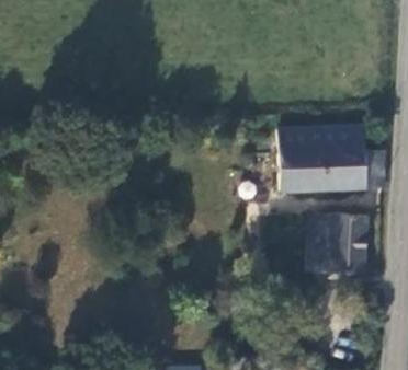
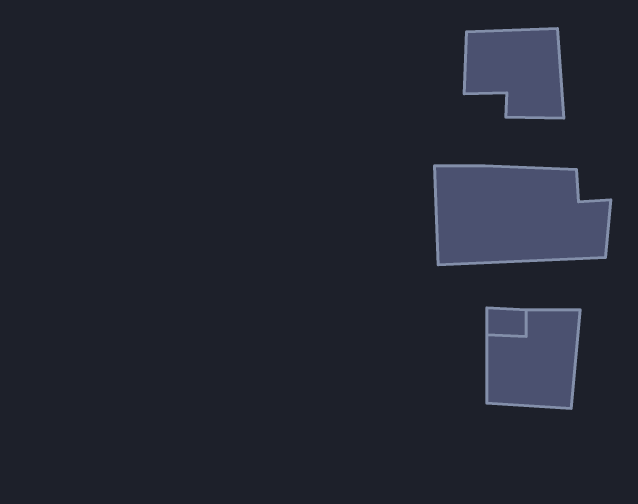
building: none -> [464,28,564,118]

